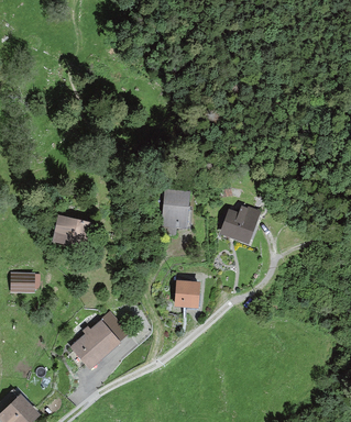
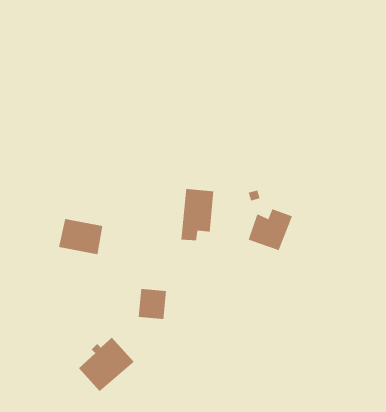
building: [9,271,40,292] -> none
building: [174,280,199,308] -> [138,288,167,320]

